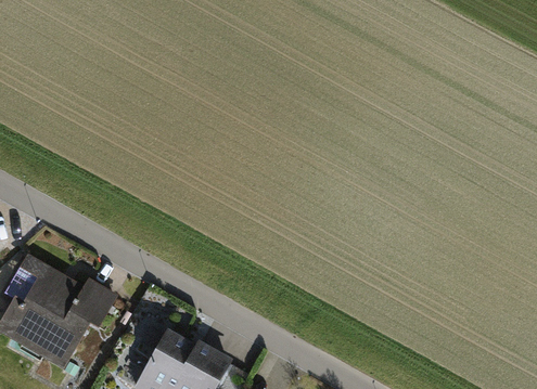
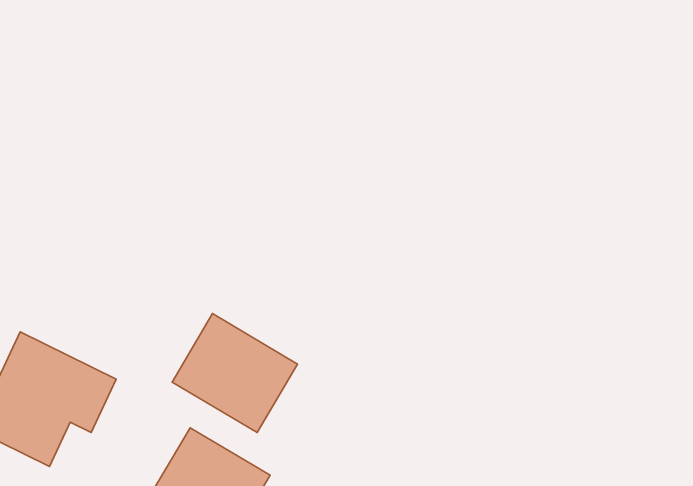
building: none -> [172,314,297,432]

